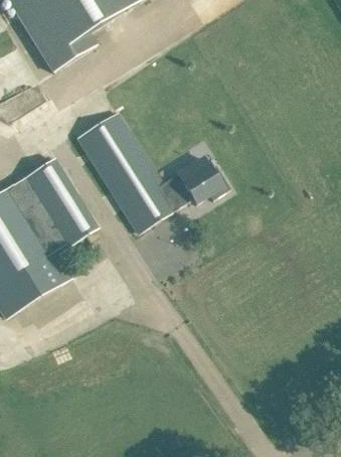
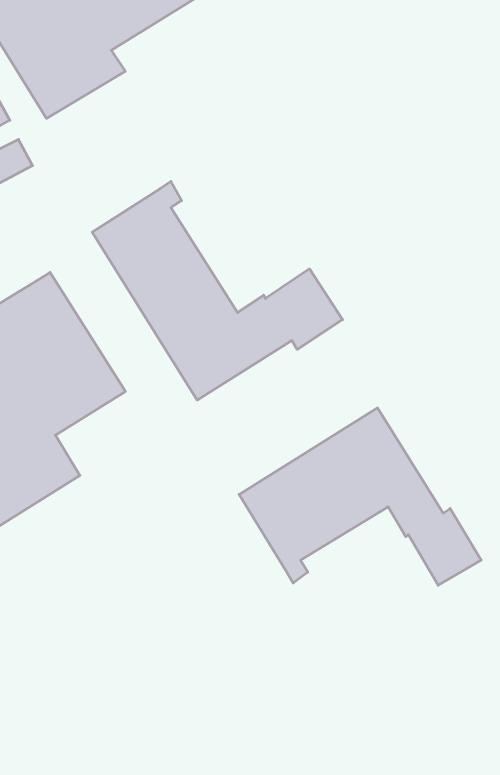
building: none -> [239,408,481,585]

